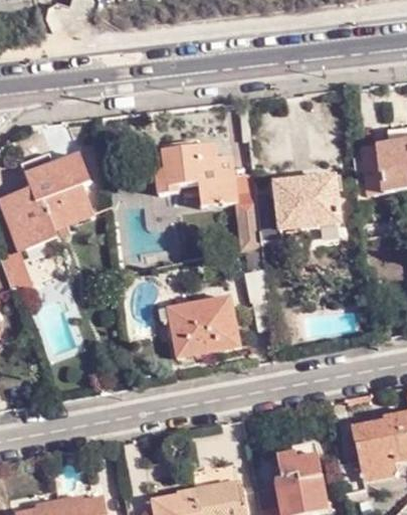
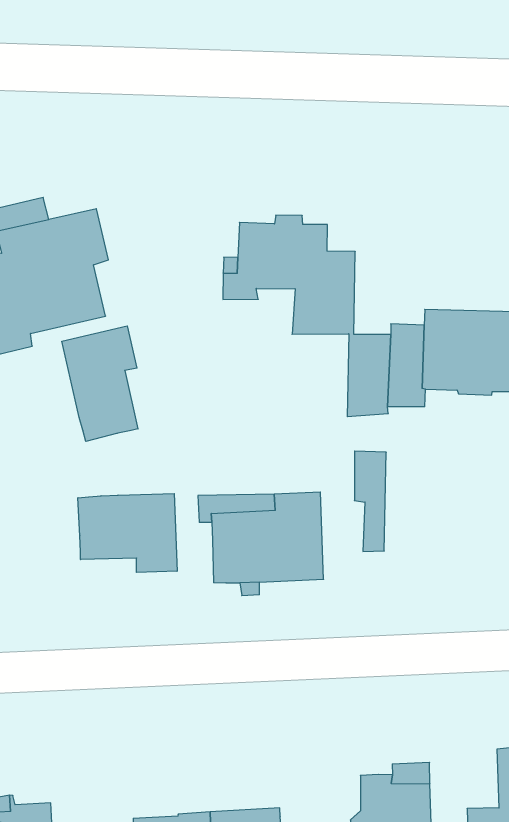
building: none -> [62,326,138,441]
building: none -> [78,494,177,572]

